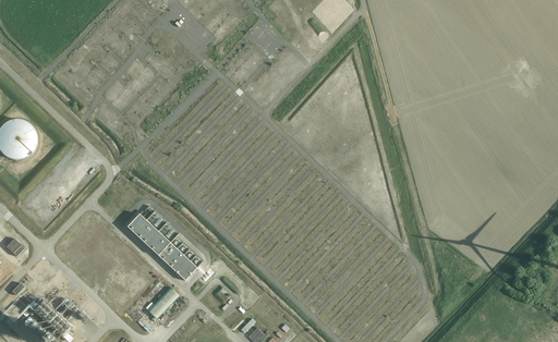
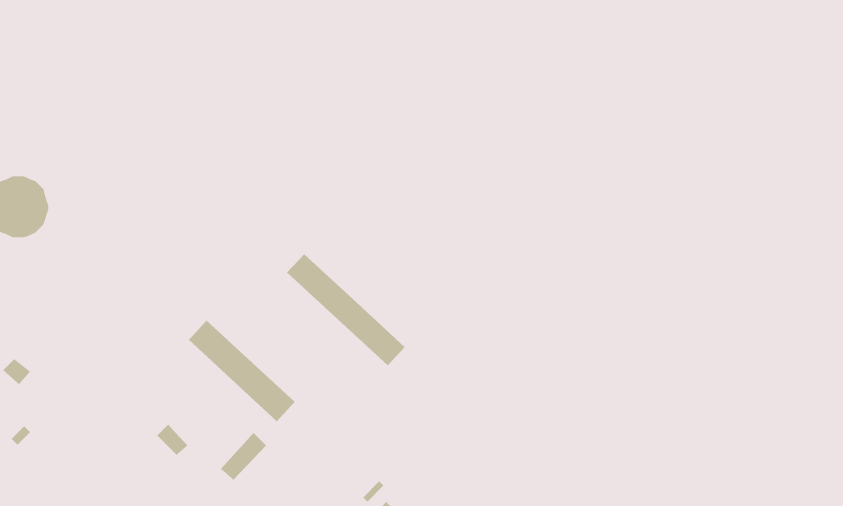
building: none -> [286,253,405,366]

